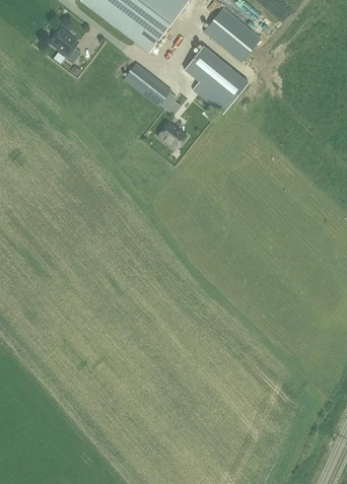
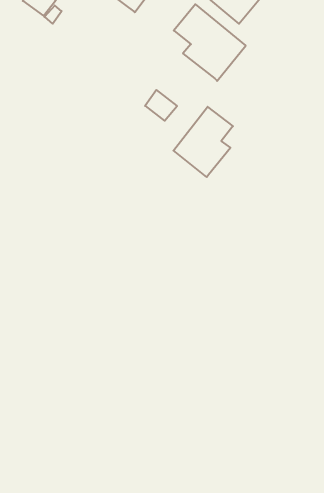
building: [124,62,172,107] -> none
building: none -> [173,107,233,177]

